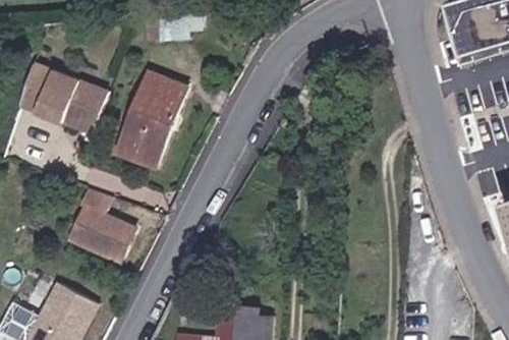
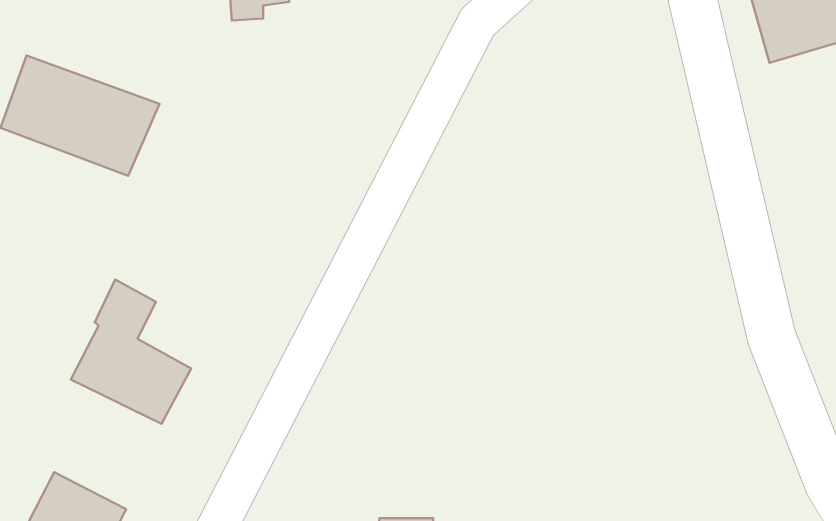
building: [117,78,182,173] -> none

